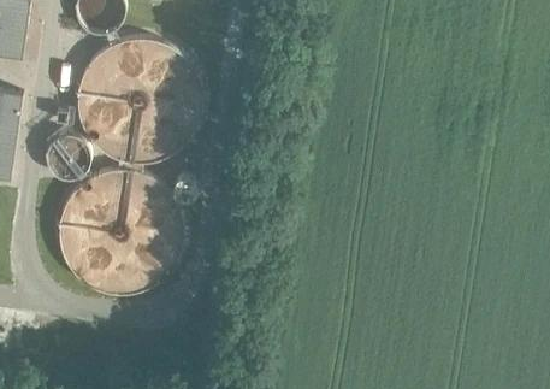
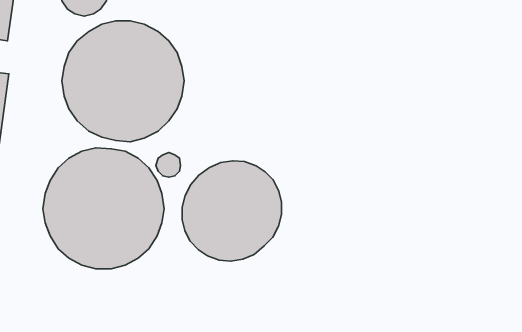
building: [46,134,90,178] -> none
building: none -> [182,161,282,261]

